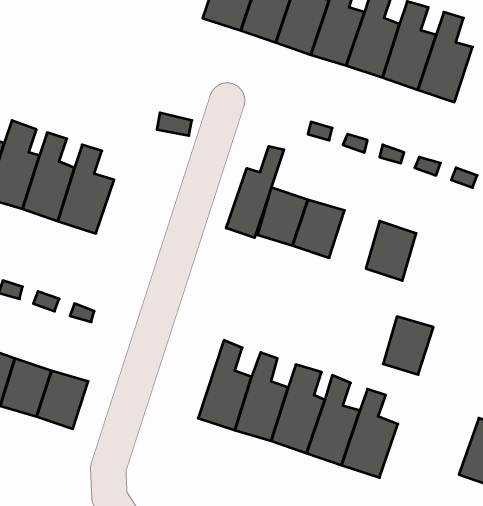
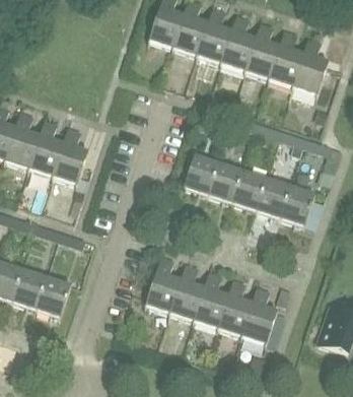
building: [226,146,284,238] -> none
building: none -> [231,170,265,208]
building: [383,317,433,375] -> [280,185,313,223]

